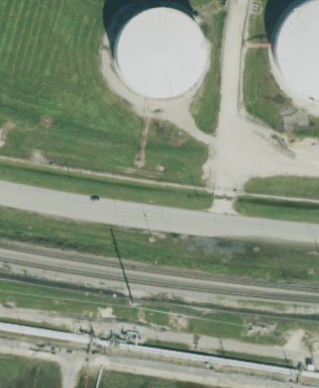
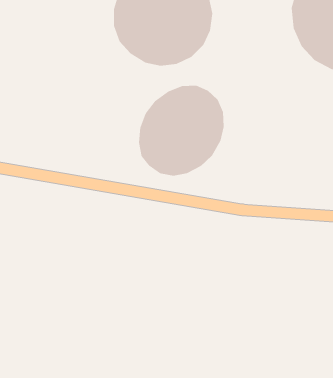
building: none -> [138,85,224,176]

